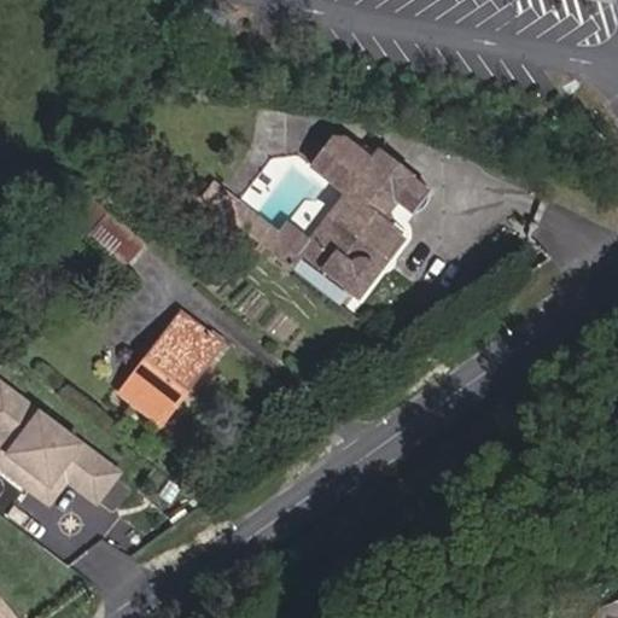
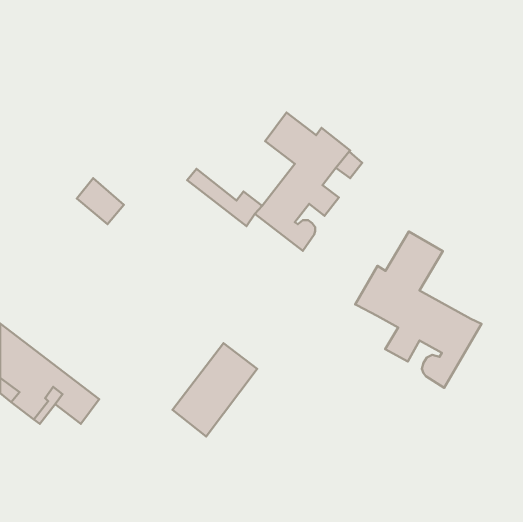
building: none -> [355,231,481,388]
building: [121,314,221,424] -> [172,343,257,436]

